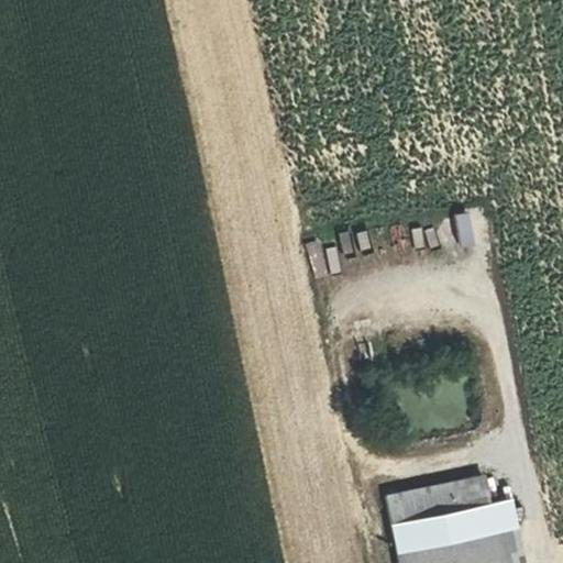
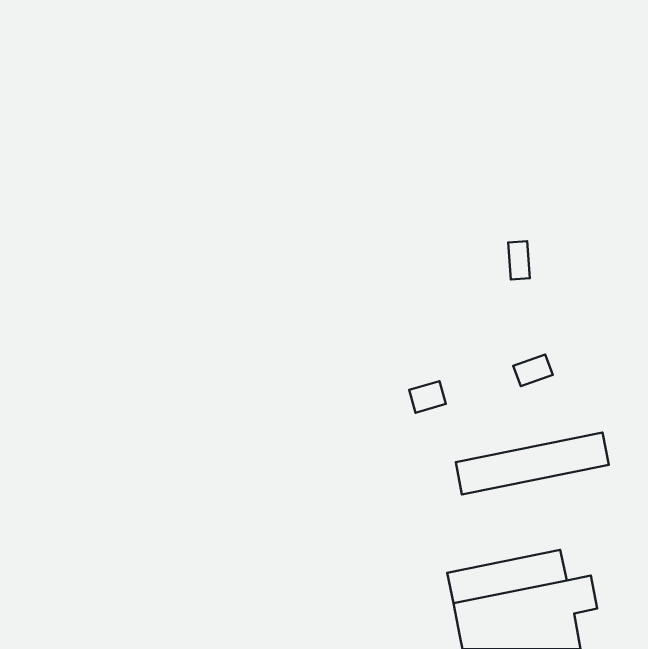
building: none -> [456,433,609,495]

